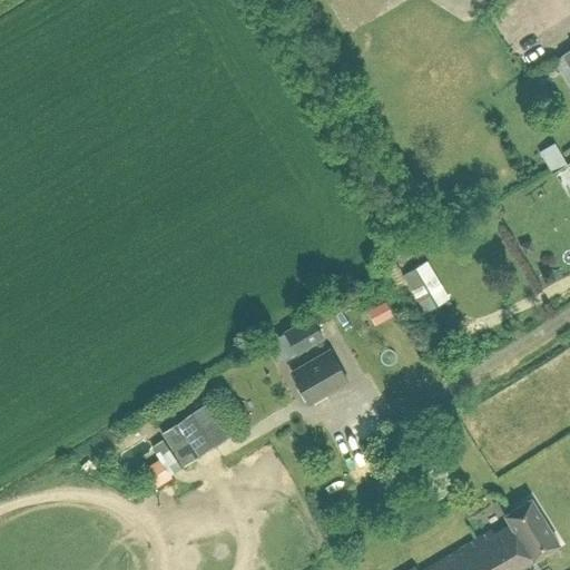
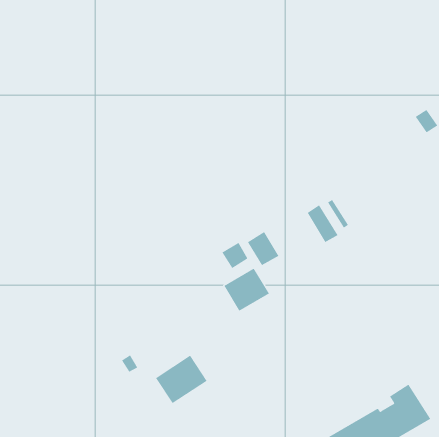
building: none -> [247,231,279,266]
building: [161,404,229,468] -> [155,355,208,404]

